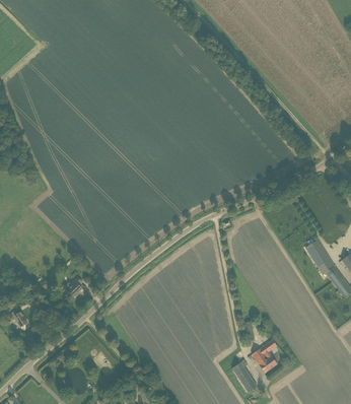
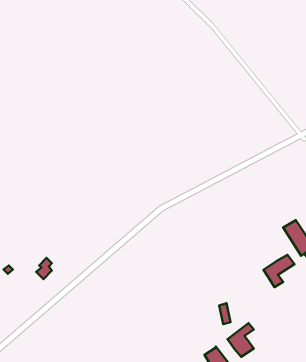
building: none -> [264,255,295,287]

